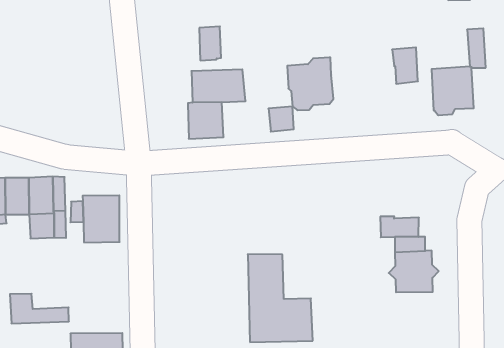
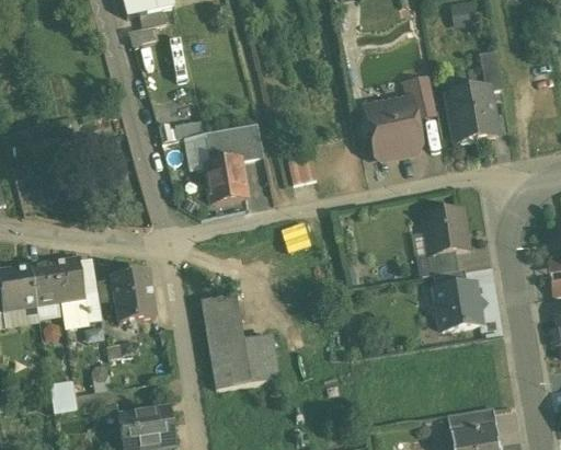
building: [199,26,221,60] -> [184,132,210,170]
building: [287,57,333,110] -> [368,100,420,158]
building: none -> [424,208,468,254]
building: [248,254,313,342] -> [202,295,279,388]

